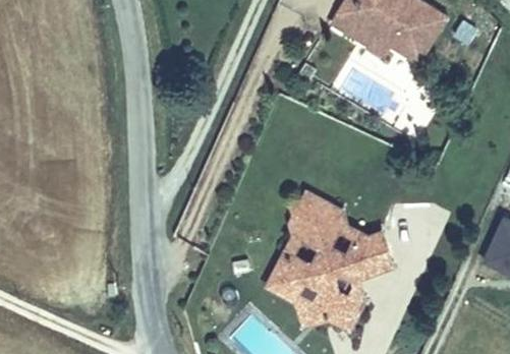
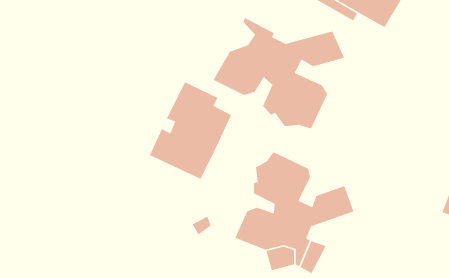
building: none -> [212,17,345,130]
building: none -> [149,81,232,180]

